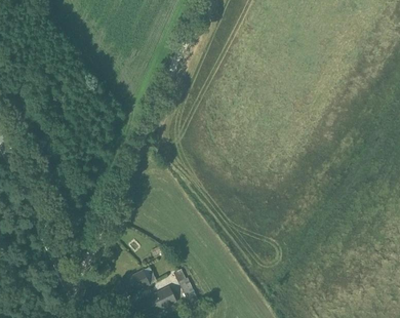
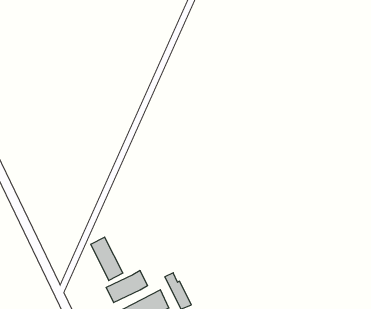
building: none -> [91,237,123,281]

